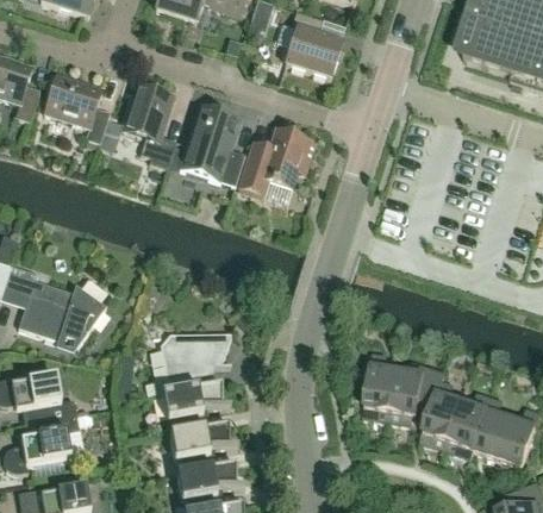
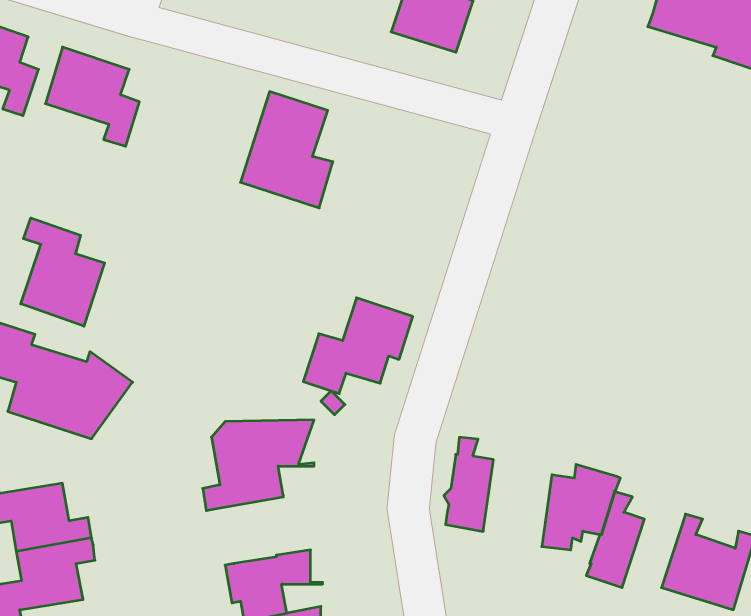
building: [123,85,175,168] -> none
building: [238,129,314,195] -> [303,298,413,394]
building: none -> [21,218,105,326]
building: [362,356,397,421] -> [444,437,493,531]
building: [162,383,230,433] -> none
building: [445,394,489,458] -> none

